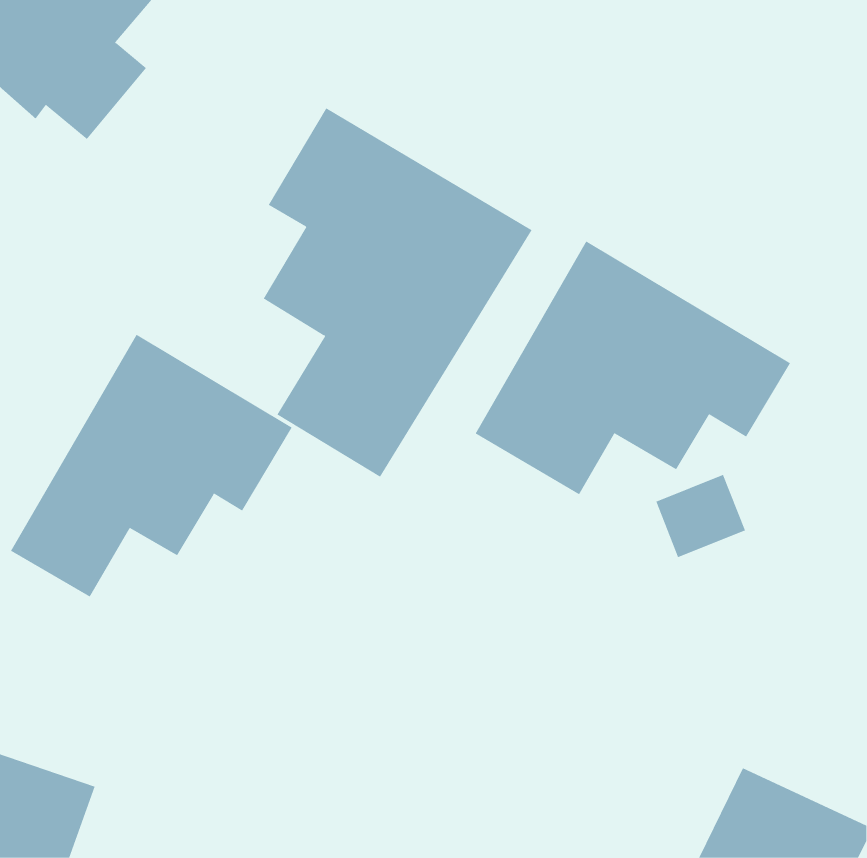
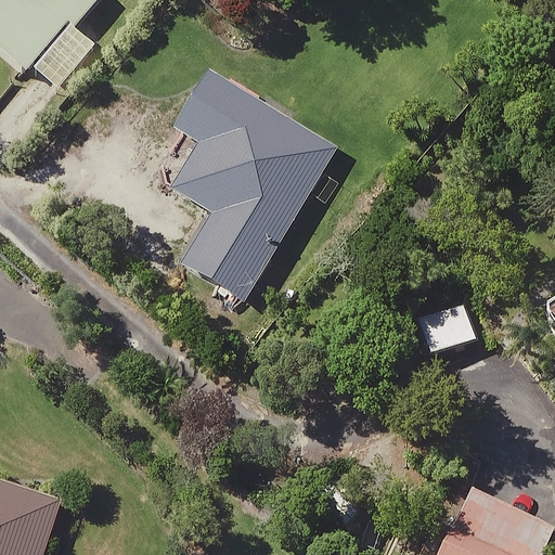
building: [475,240,791,495] -> none
building: [10,334,293,598] -> none

